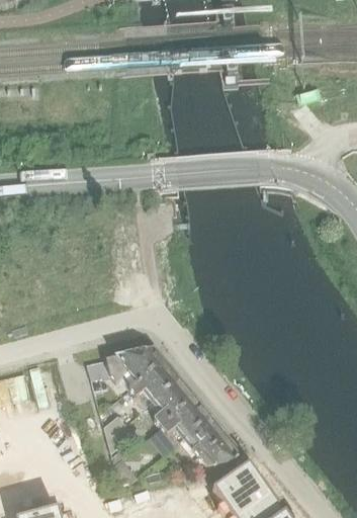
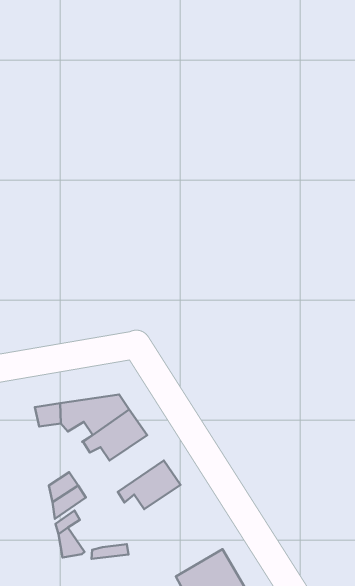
building: [147,376,190,424] -> none
building: [178,414,239,463] -> none

